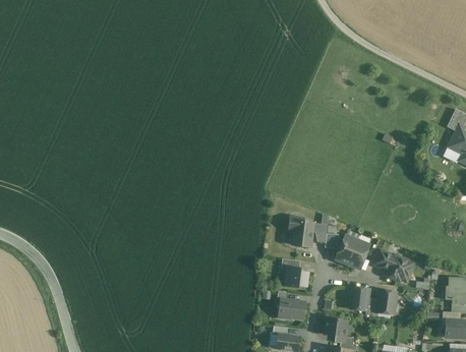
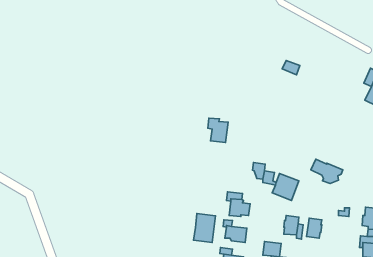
building: [289,218,313,247] -> [208,118,228,143]
building: [374,250,413,280] -> [311,159,343,183]
building: none -> [194,214,216,242]

